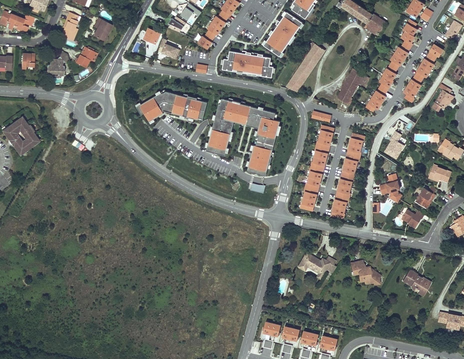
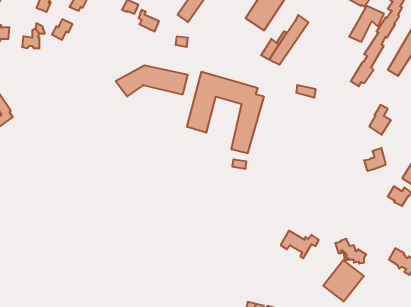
building: [223,52,274,78] -> none
building: [336,69,370,104] -> [349,6,384,42]
building: [298,124,335,211] -> none
building: [329,132,367,219] -> none
building: none -> [323,260,364,302]

